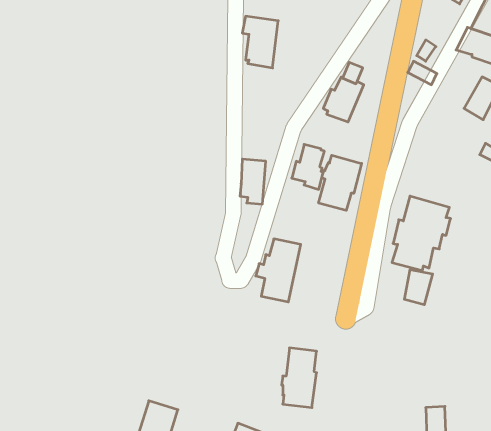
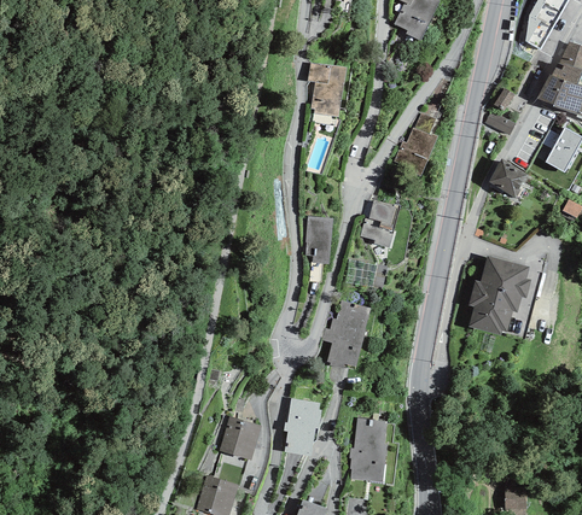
building: none -> [488,159,529,198]
building: [319,155,362,210] -> none
building: [404,269,433,305] -> none
building: none -> [284,398,321,457]
building: none -> [219,417,261,461]

